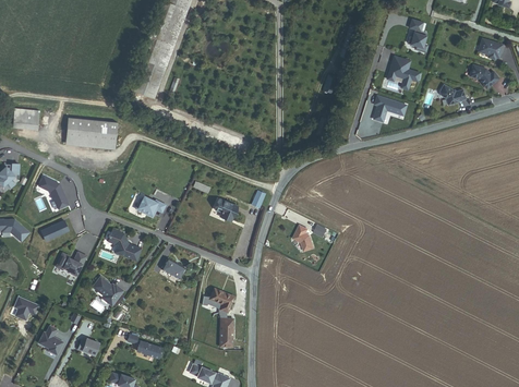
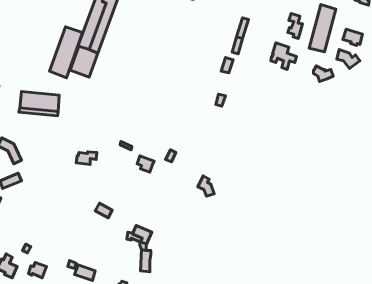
building: none -> [309,4,336,52]
building: none -> [50,27,83,78]
building: [373,96,407,122] -> none
building: [108,230,141,262] -> none
building: [55,250,87,276] -> none
building: [92,277,123,306] -> none

